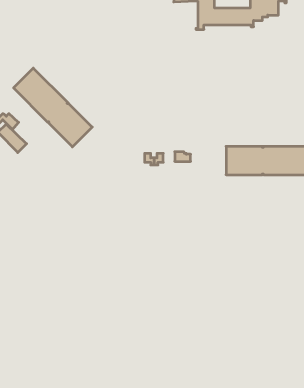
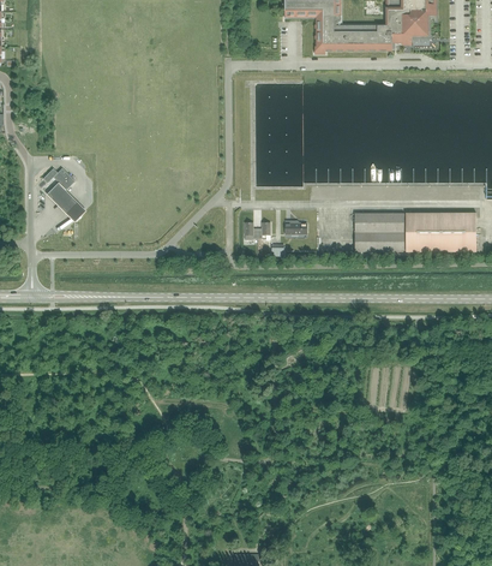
building: [14,68,92,147] -> none

